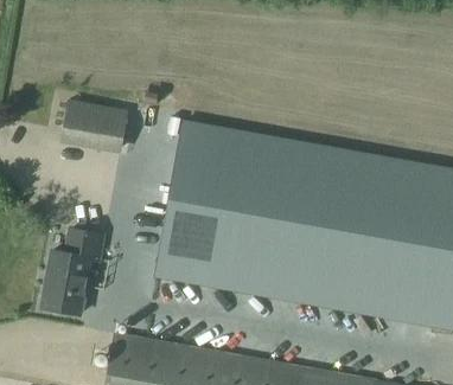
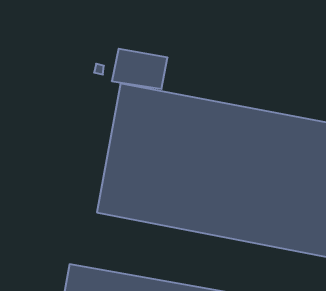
building: [65,107,133,155] -> [112,49,168,89]
building: [45,230,109,316] -> none

